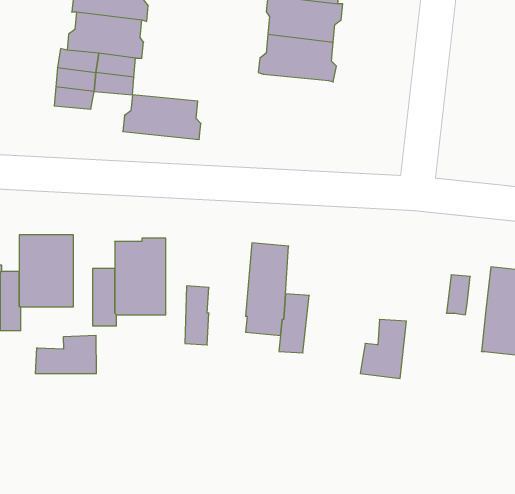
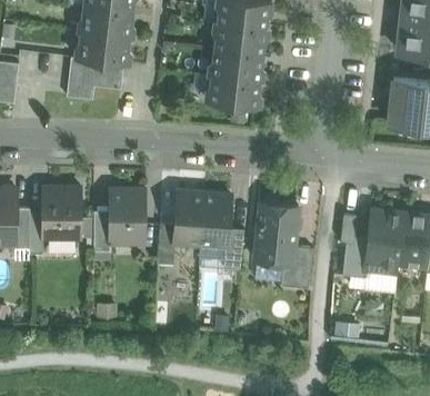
building: [123,95,201,139] -> [206,75,260,106]
building: none -> [173,190,204,244]
building: none -> [254,198,298,264]
building: none -> [342,235,368,277]
building: [35,335,96,374] -> none

